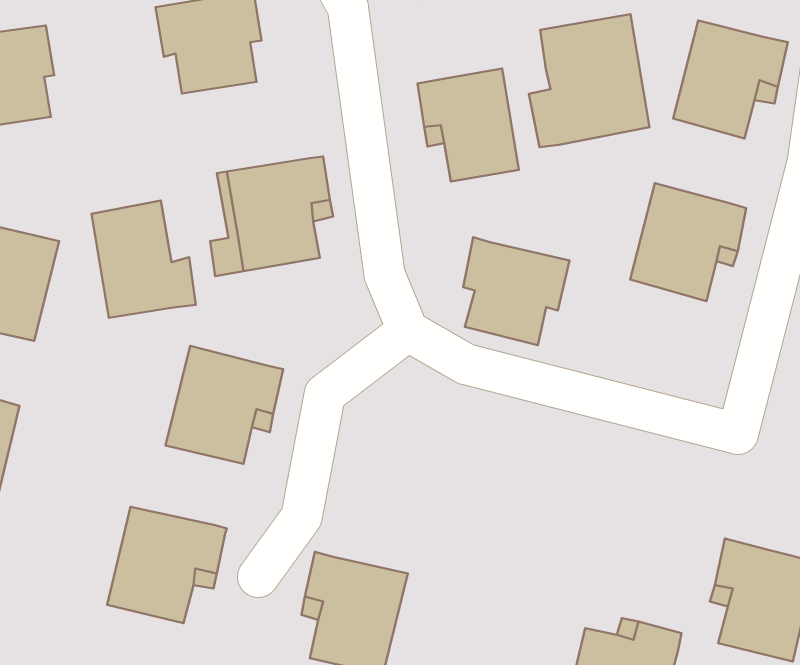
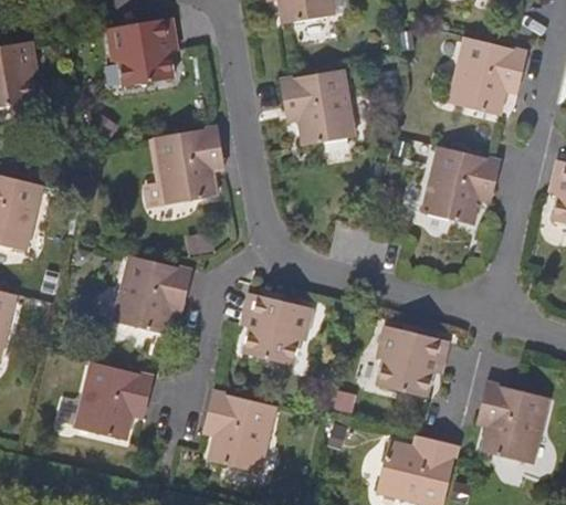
building: [529,14,650,147] -> none
building: [92,200,196,318] -> none
building: [463,237,570,345] -> [242,293,313,365]
building: none -> [376,325,448,397]

